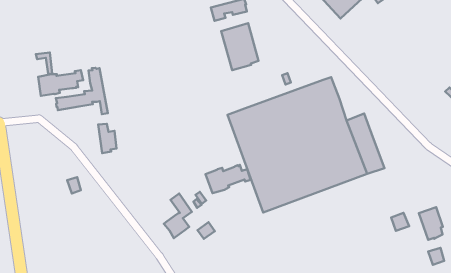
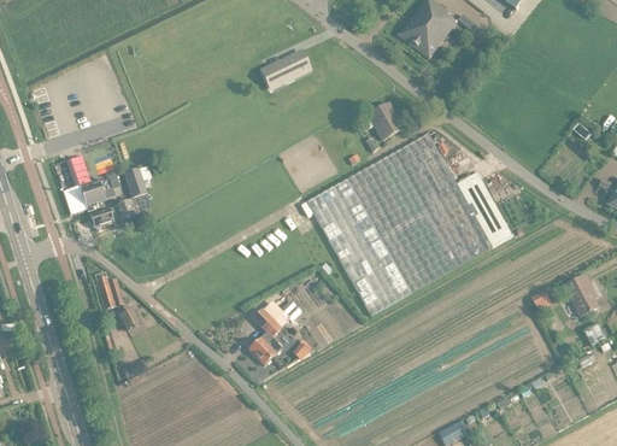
building: [221,23,258,70] -> none
building: none -> [368,102,402,140]
building: [98,124,116,153] -> [94,271,122,309]
building: [205,165,250,193] -> none

